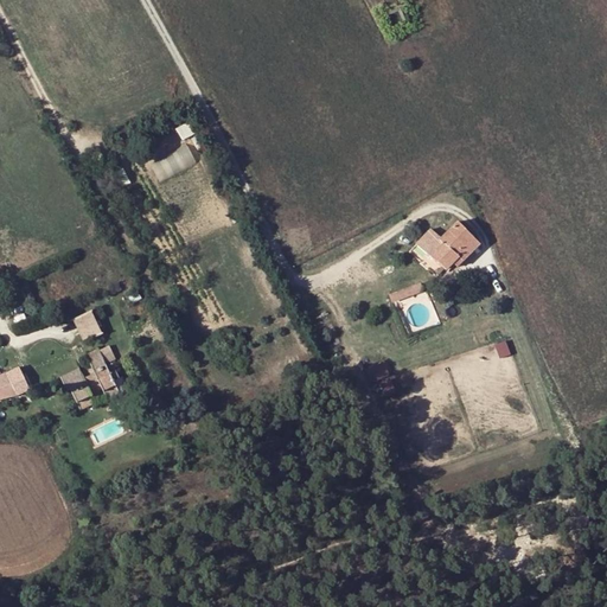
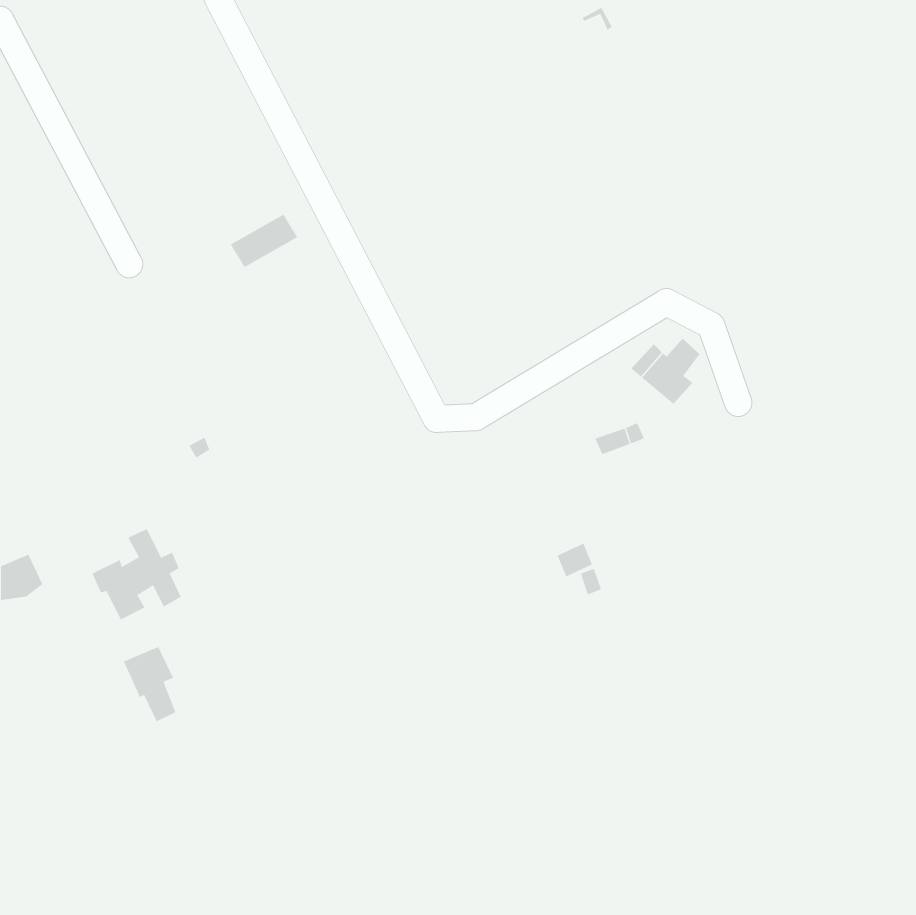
building: [74,309,102,341] -> none
building: none -> [123,646,176,722]

